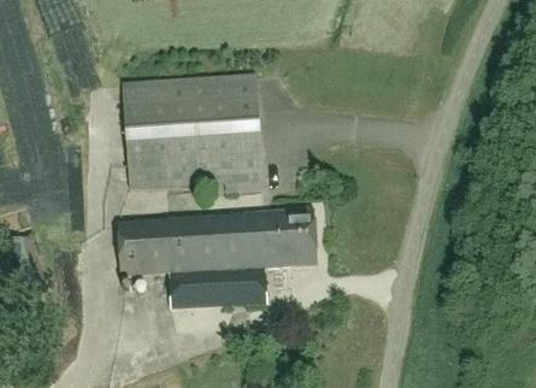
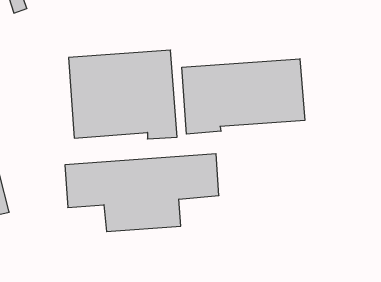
building: none -> [182,59,305,134]

